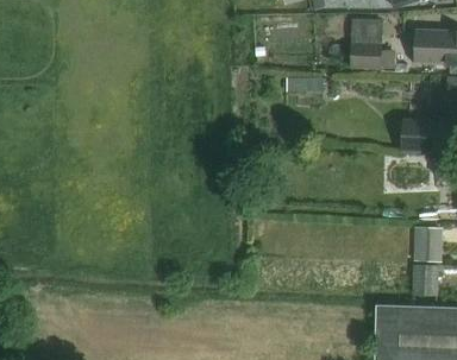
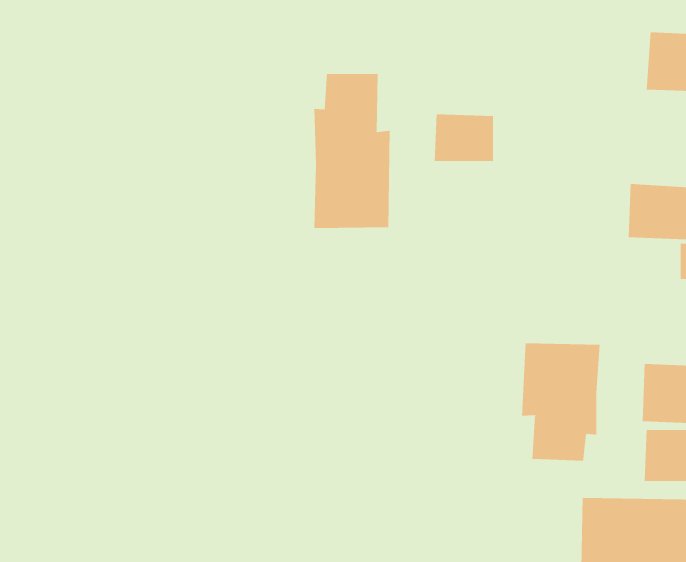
building: [350,18,395,70] -> none
building: none -> [314,73,390,229]
building: none -> [522,342,600,461]

